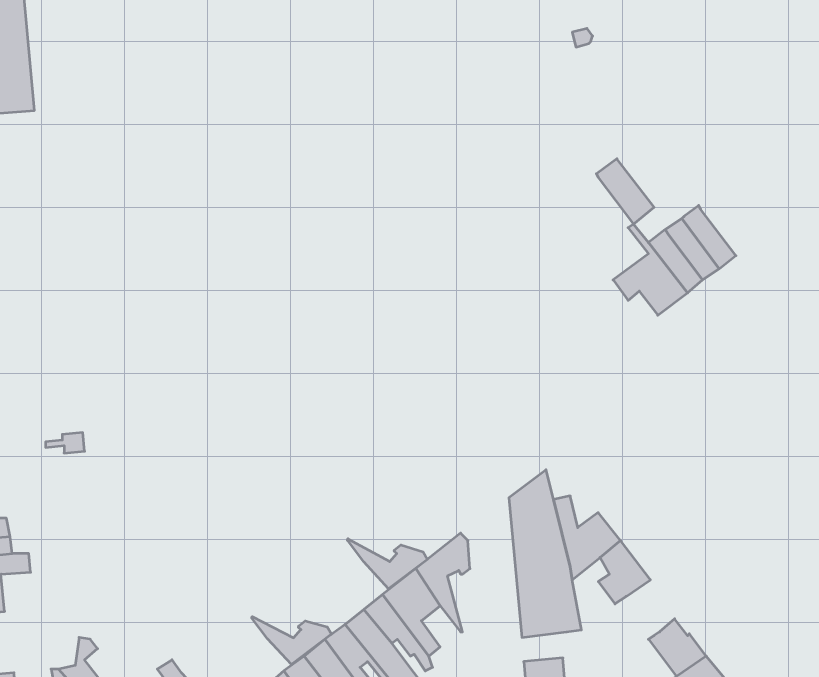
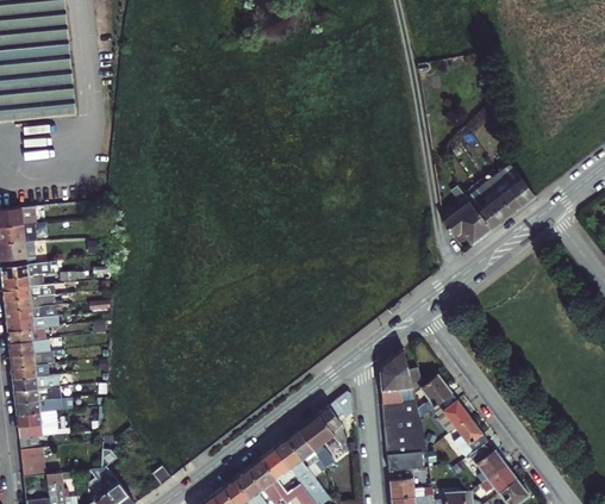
building: [596,159,654,224] -> [499,167,536,209]
building: [347,539,427,589] -> none
building: none -> [453,416,486,452]
building: [252,617,331,664] -> none
building: none -> [386,448,426,468]

